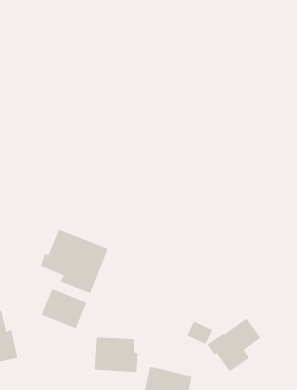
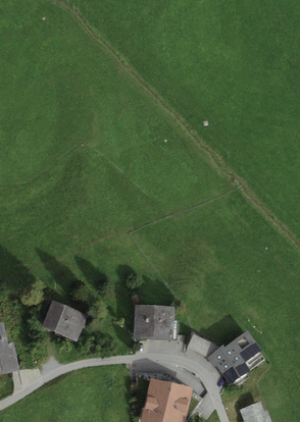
building: [40,229,108,294] -> none
building: [94,337,138,373] -> [133,305,177,340]

